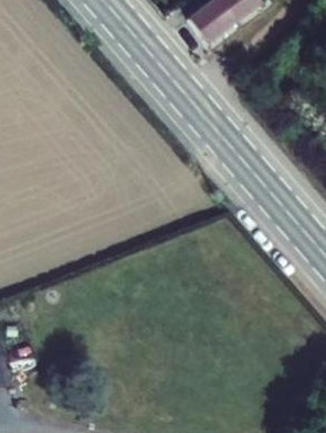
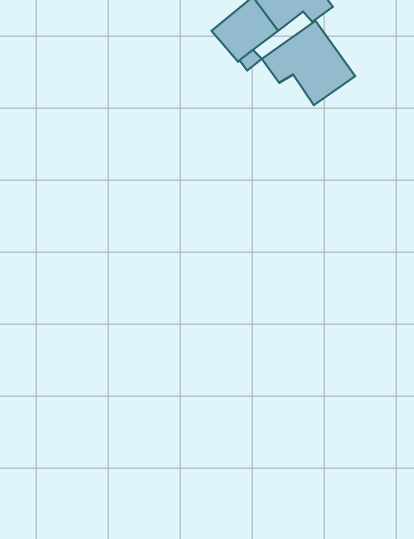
building: none -> [262,21,355,105]

